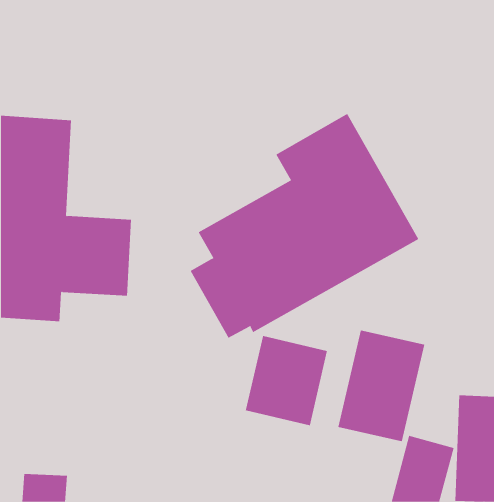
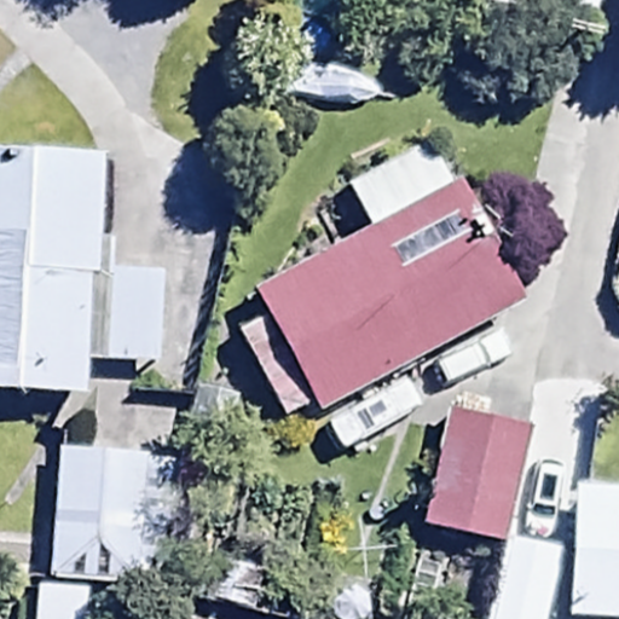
building: [245,335,328,426] -> none
building: none -> [53,445,164,580]

